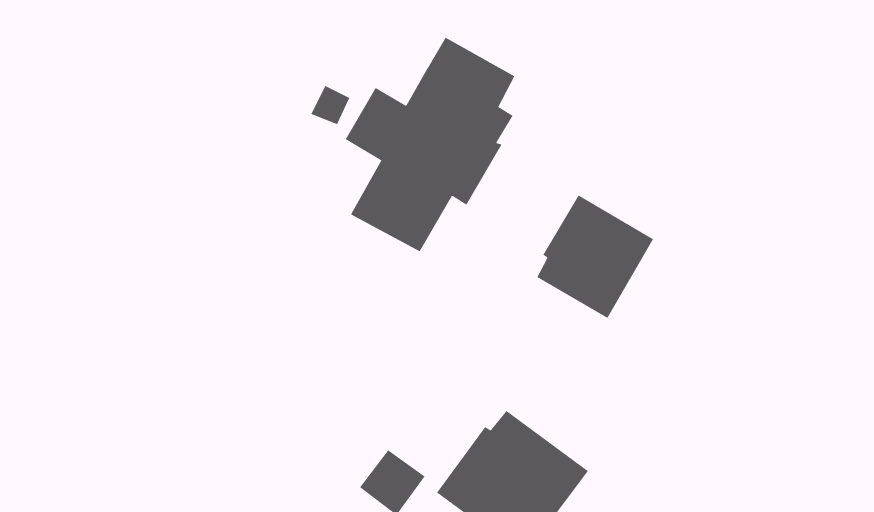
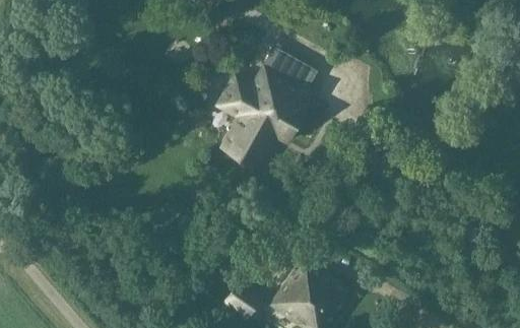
building: [537,194,654,319] -> none

